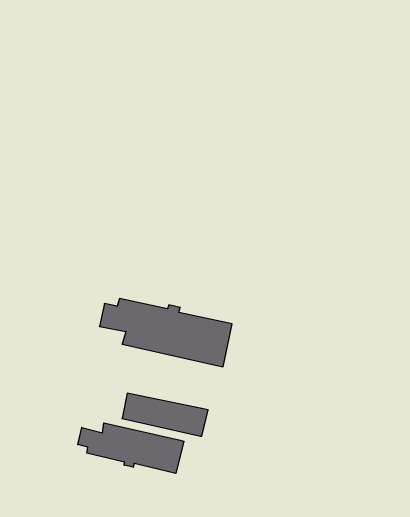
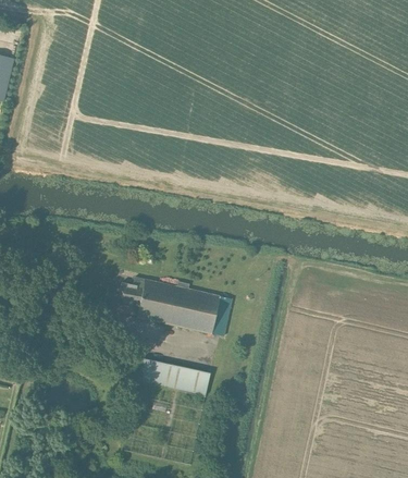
building: [78,423,184,473] -> none

